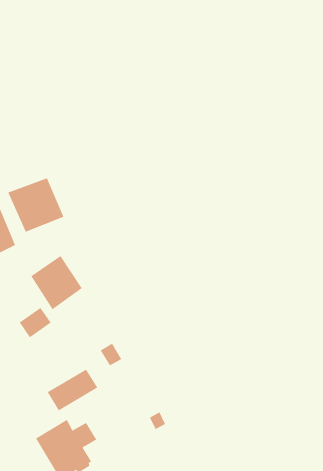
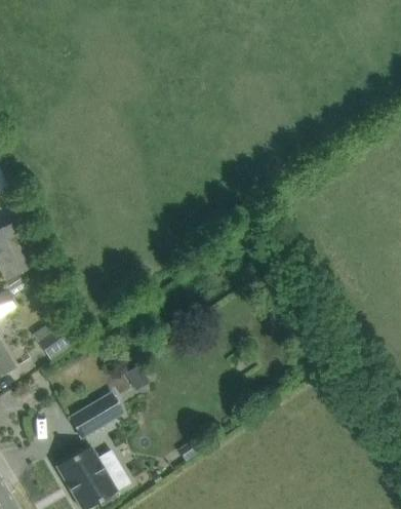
building: [8,177,64,233] -> none
building: [31,255,83,310] -> none

